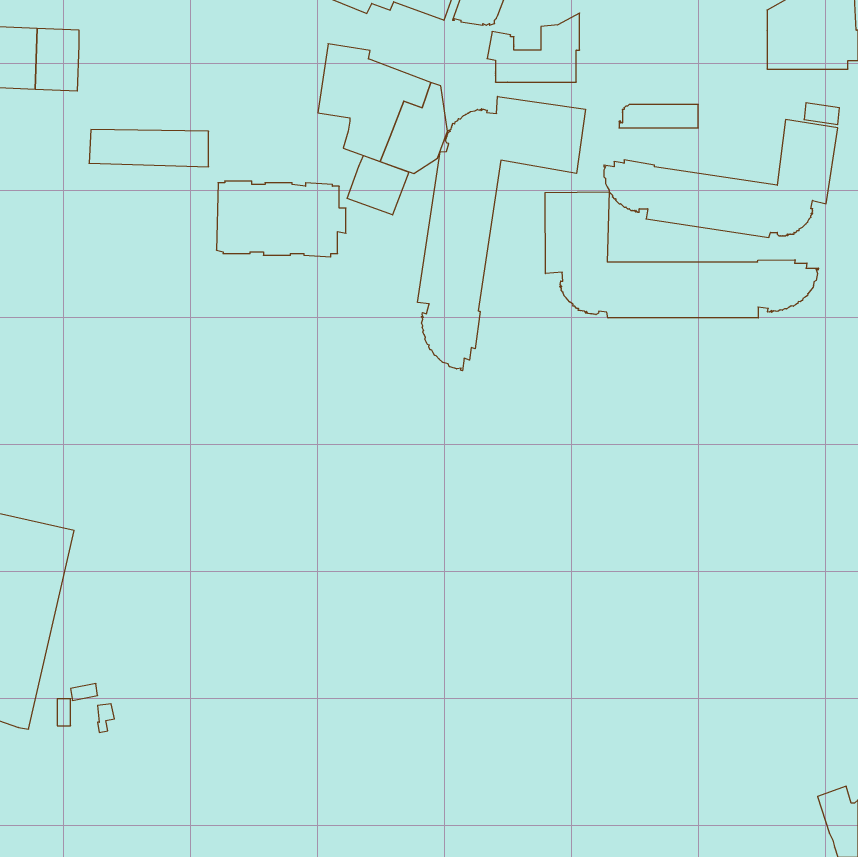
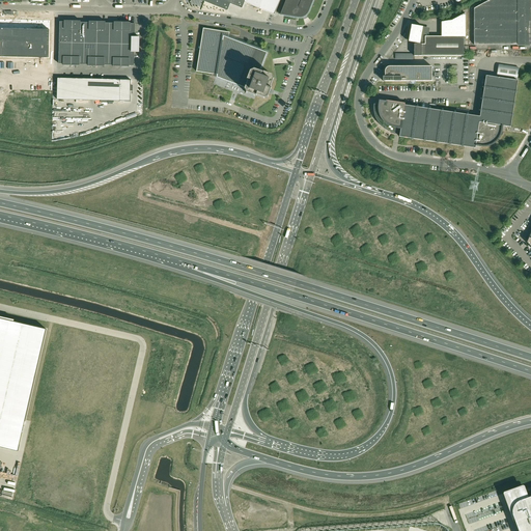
building: [487,13,580,82] -> [408,11,465,54]
building: [418,96,585,371] -> none
building: [347,156,409,215] -> none
building: [216,181,346,257] -> [58,19,138,65]
building: [545,192,818,318] -> none

